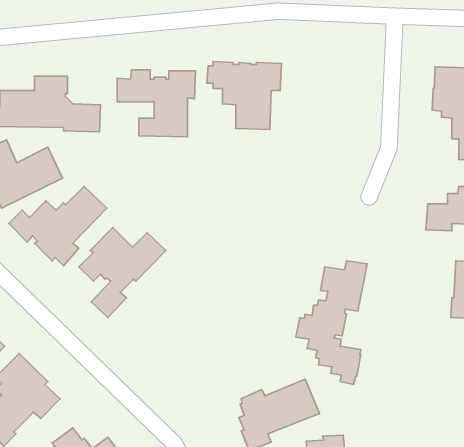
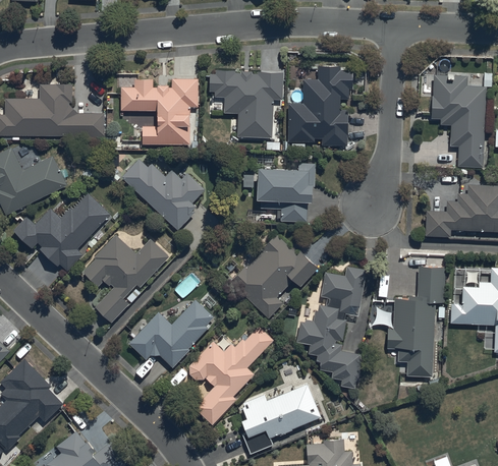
building: none -> [288,67,351,144]
building: none -> [121,158,204,231]
building: none -> [257,163,315,222]
building: none -> [230,233,318,317]
building: none -> [387,265,445,375]
building: none -> [128,299,213,366]
building: none -> [188,326,273,425]

